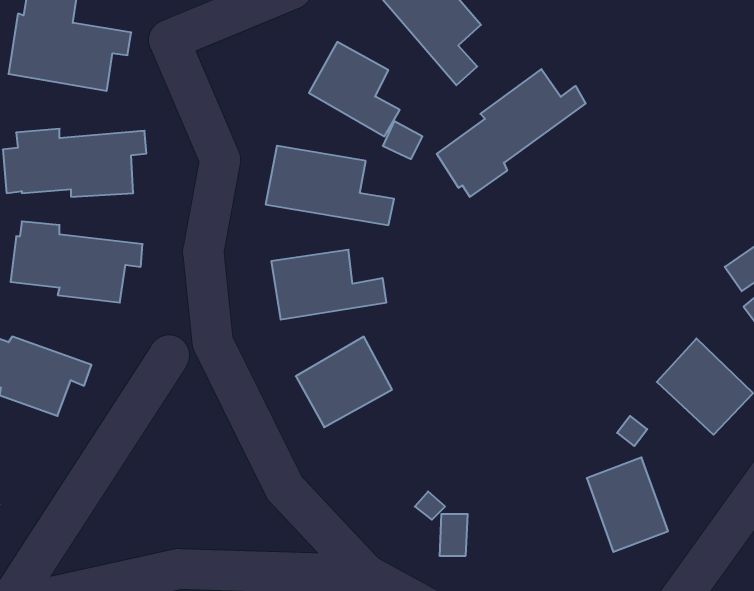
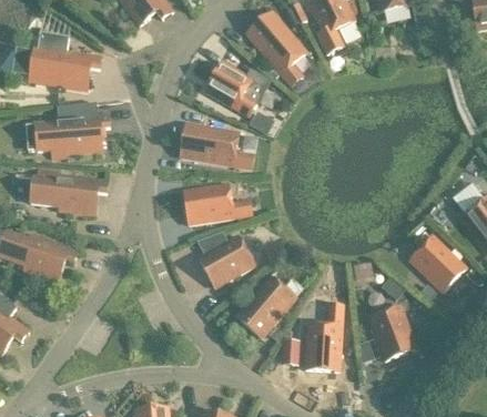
building: [437,69,586,197] -> none
building: none -> [235,275,296,337]
building: none -> [305,323,342,370]

